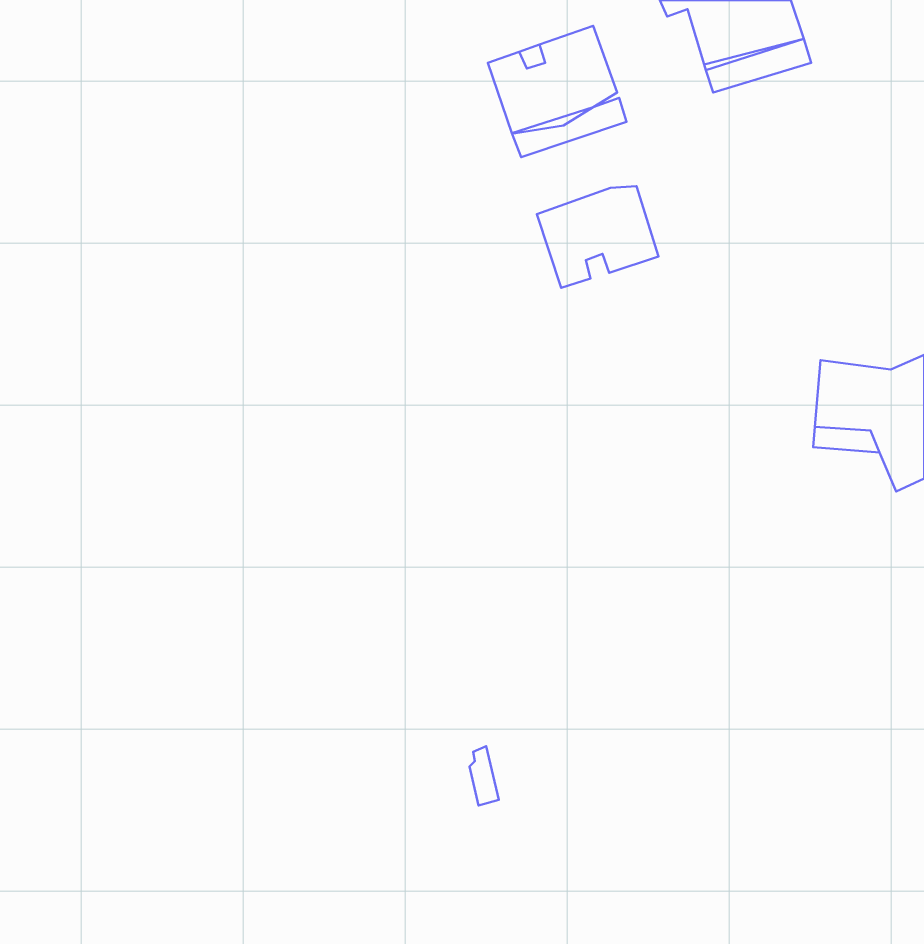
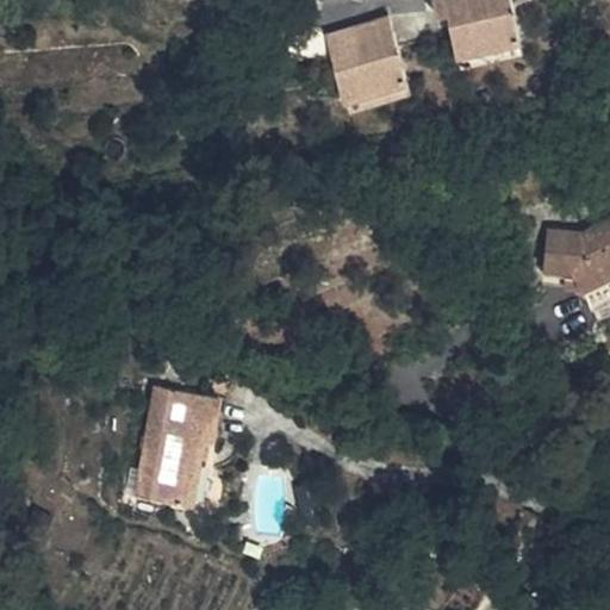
building: [537,186,659,288] -> none
building: none -> [139,378,229,504]

